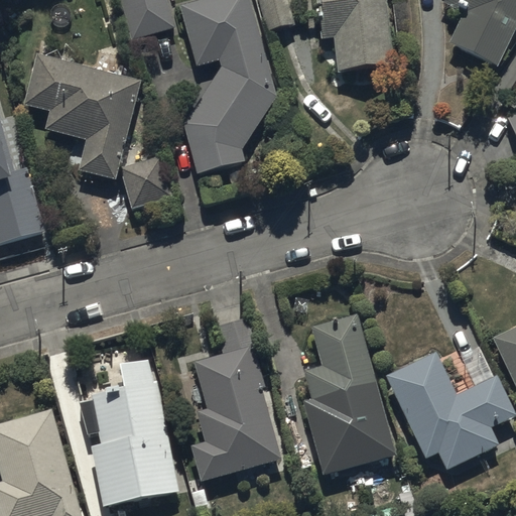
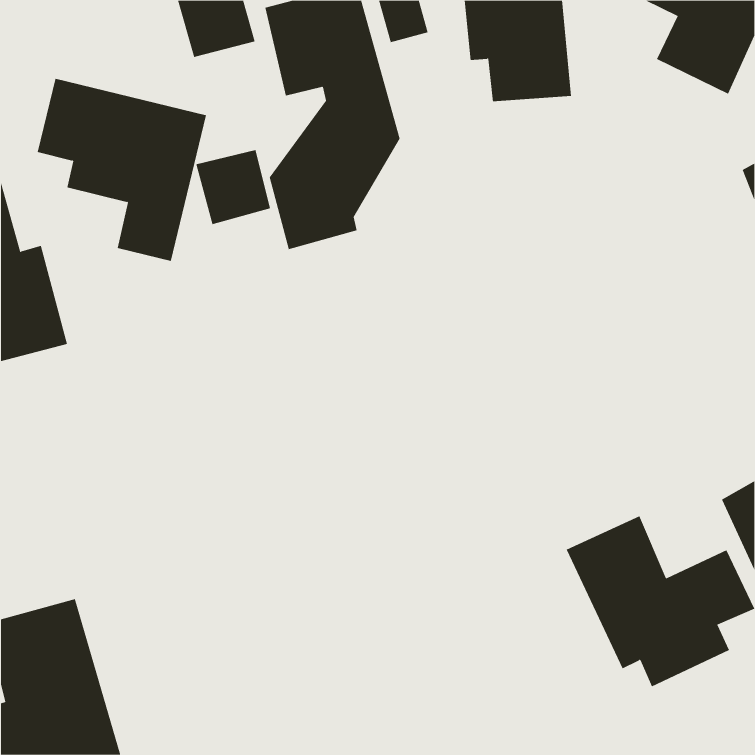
building: [121,156,172,208] -> [196,149,271,225]
building: [303,312,395,474] -> none
building: [192,318,282,479] -> none
building: [80,359,178,505] -> none

